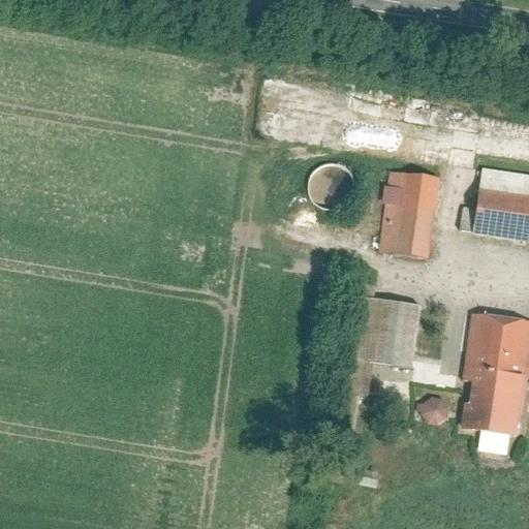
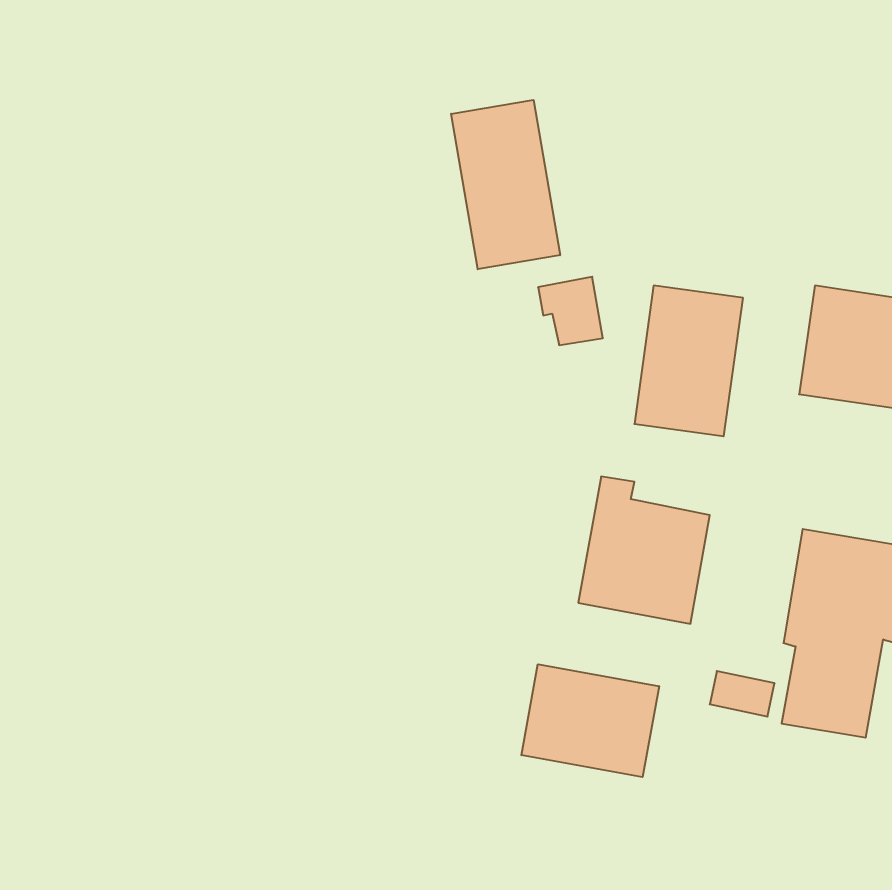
building: none -> [451,100,560,269]
building: none -> [521,664,659,777]

